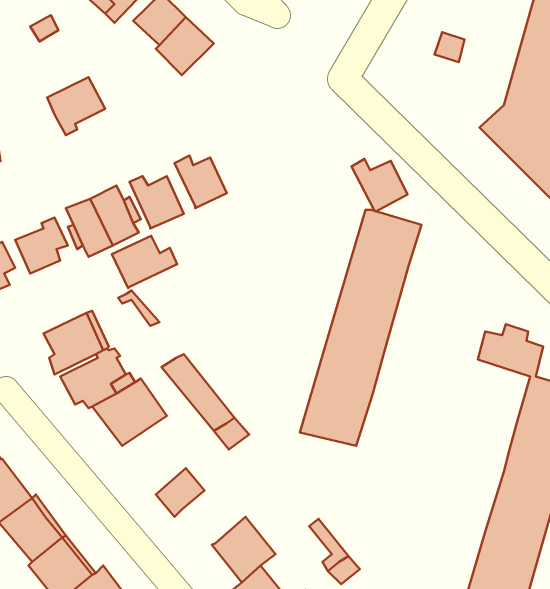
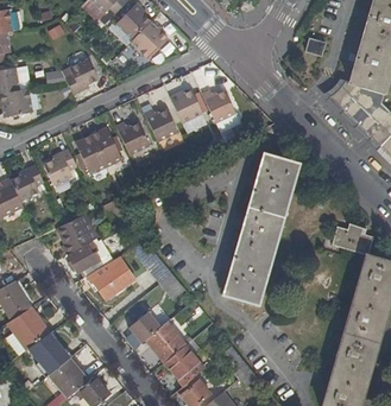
building: none -> [166,96,198,128]
building: [351,159,408,211] -> [197,95,233,128]
building: [112,236,177,288] -> none
building: none -> [145,322,185,360]

